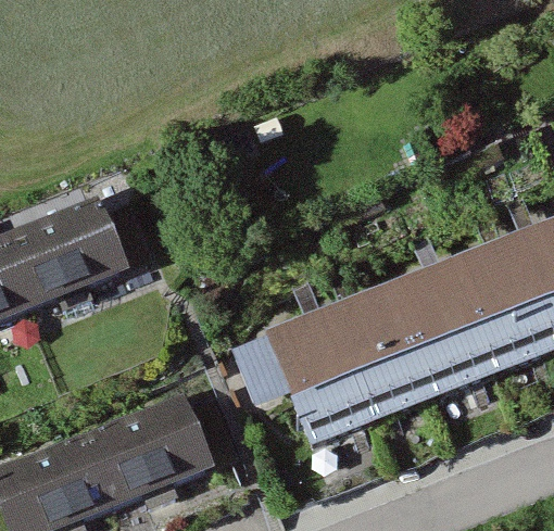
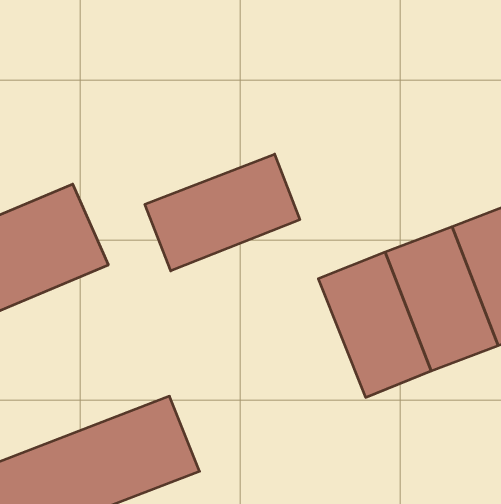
building: none -> [145,154,300,271]
building: [265,290,372,426] -> none

